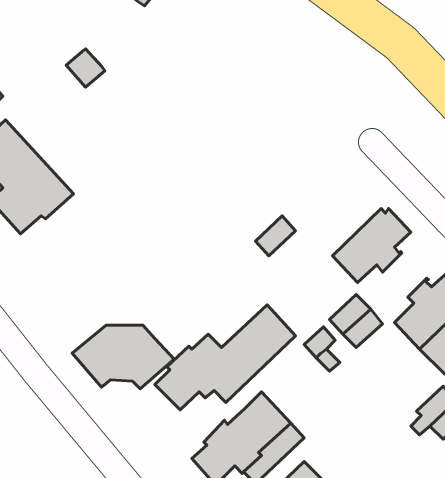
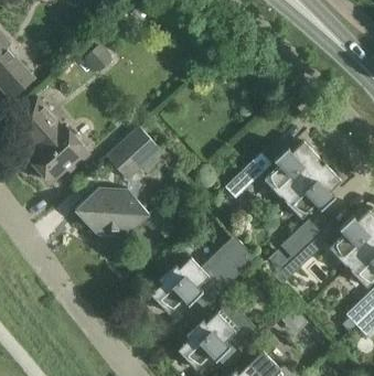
building: none -> [104,126,158,179]
building: none -> [264,141,320,198]
building: [72,325,174,389] -> [74,189,150,236]

